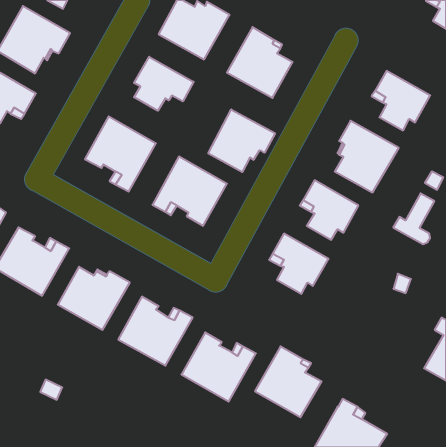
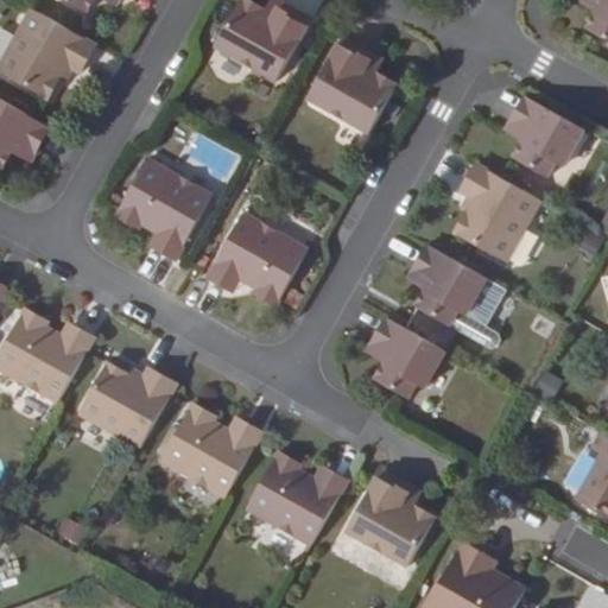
building: [134,57,194,111] -> none
building: [208,109,275,172] -> none
building: [393,193,434,244] -> [449,279,505,348]

